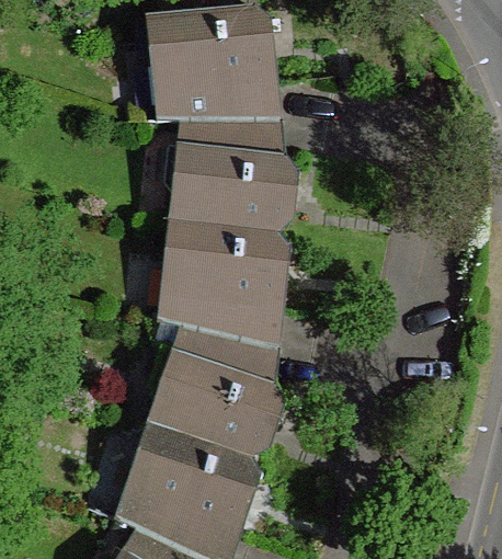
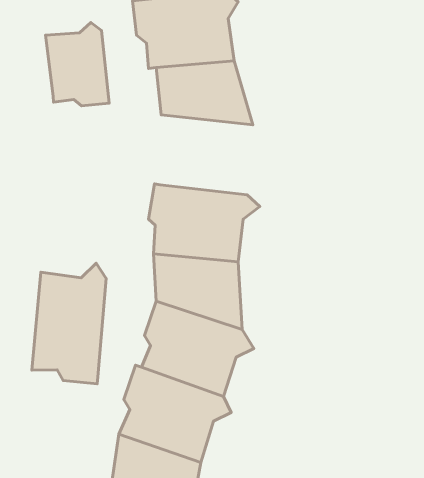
building: none -> [46,22,109,106]
building: [178,145,298,233] -> none
building: none -> [32,263,106,384]

